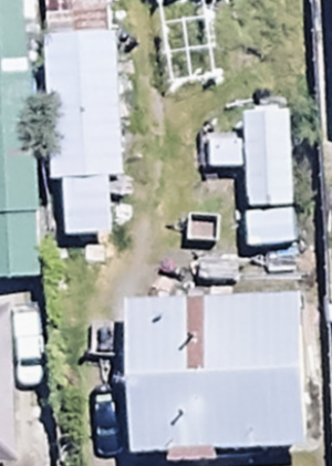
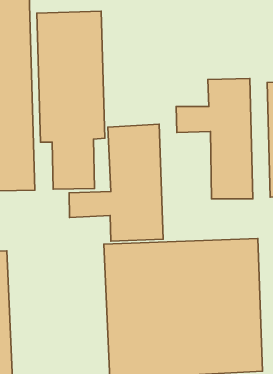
building: none -> [69,124,163,241]

